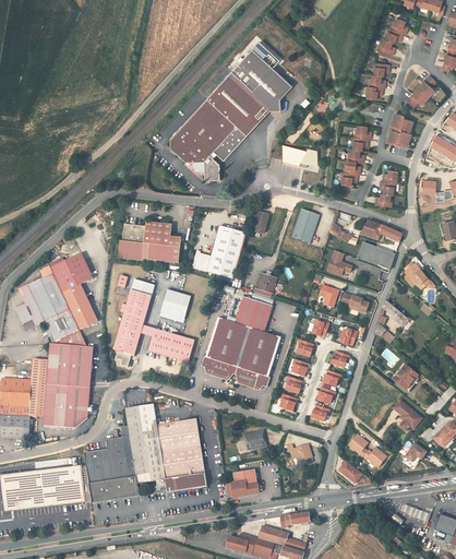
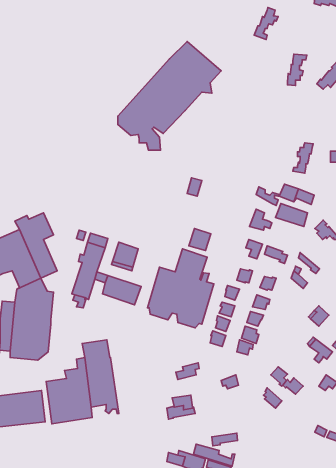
building: [381,20,409,58] -> [254,7,278,40]
building: [389,116,416,148] -> none
building: [341,127,372,187] -> none
building: [280,145,315,166] -> none
building: [290,209,320,242] -> none
building: [117,222,180,263] -> none
building: [191,225,245,280] -> none
building: [160,418,207,491] -> none

